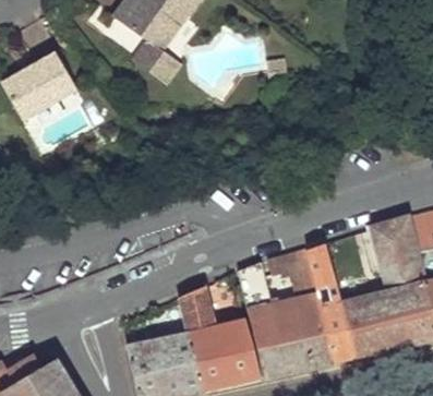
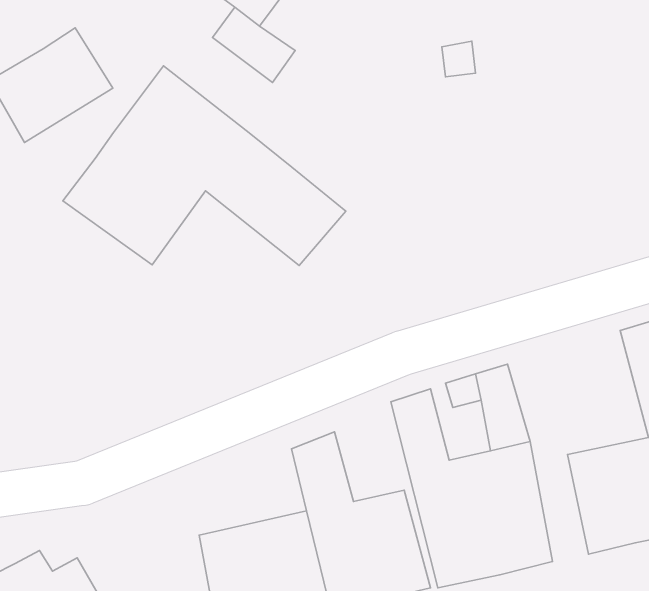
building: none -> [63,66,346,266]
building: [305,241,352,361] -> none

